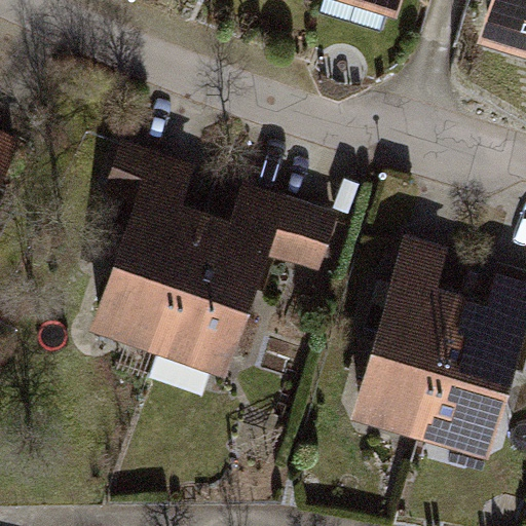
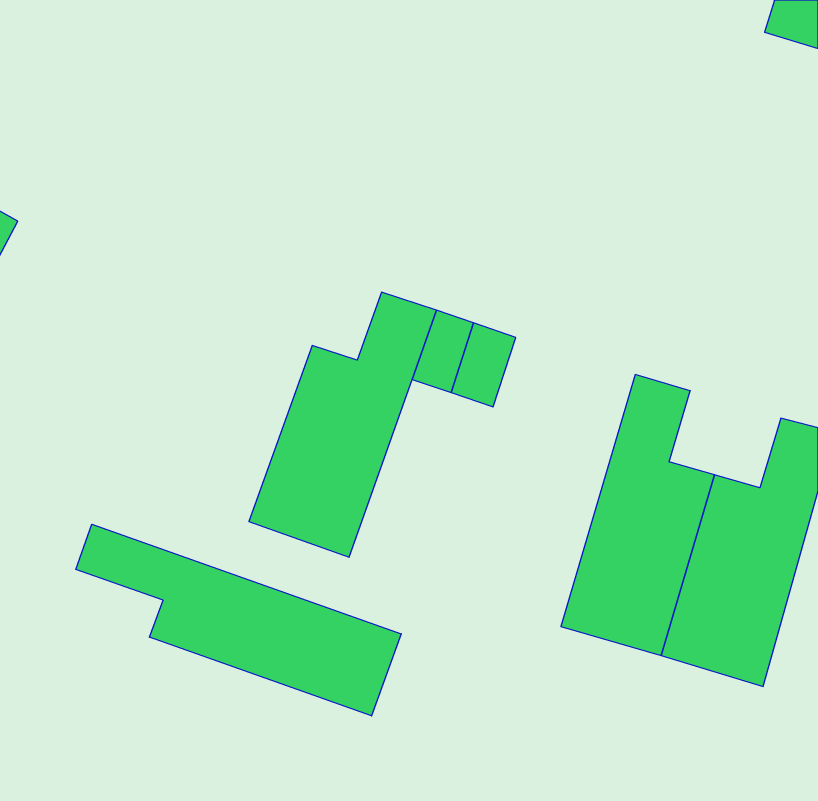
building: [96,163,198,347] -> none
building: none -> [76,524,401,716]

